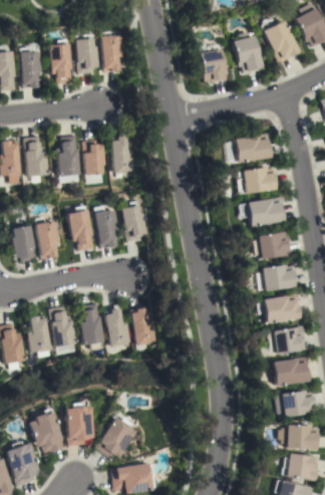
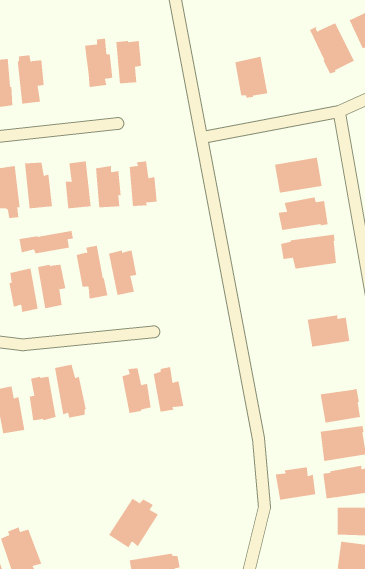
building: [233,35,264,73] -> none
building: [48,39,72,83] -> none
building: none -> [19,230,73,254]
building: [121,201,146,242] -> none
building: [257,231,291,259] -> none
building: [261,293,300,323] -> none
building: [80,303,104,349] -> none
building: none -> [275,466,316,500]
building: [63,403,93,446] -> none
building: [27,409,63,453] -> none

